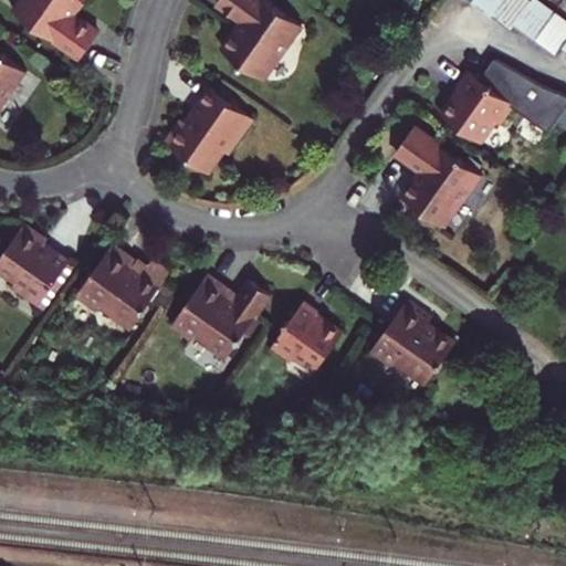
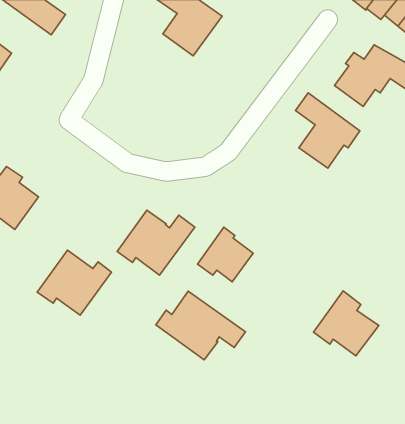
building: [161,92,252,176] -> none
building: [71,244,168,329] -> [37,250,112,315]
building: [370,302,455,387] -> [314,291,379,356]
building: none -> [156,291,245,360]

